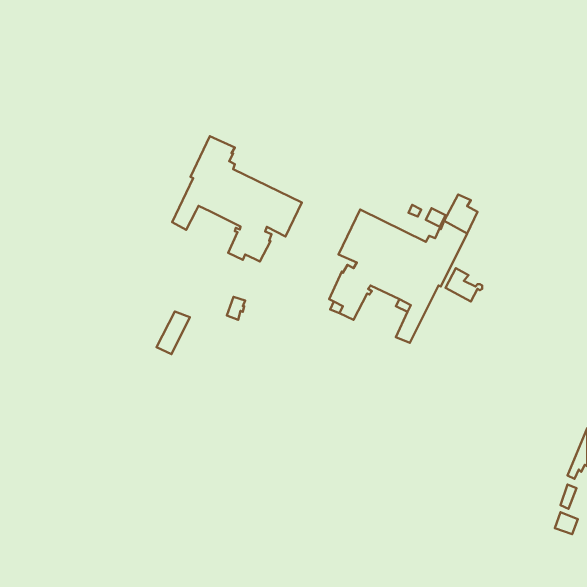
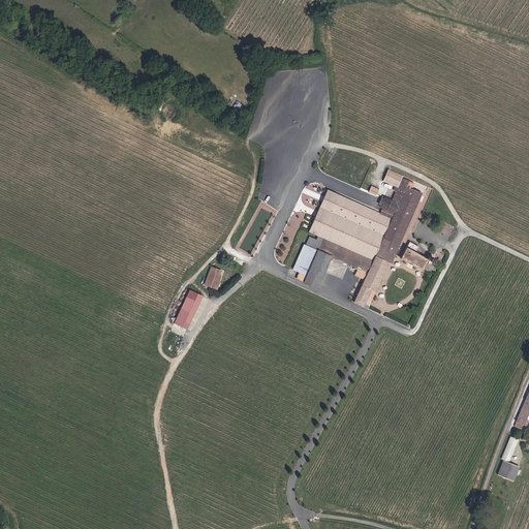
building: [172,136,302,262] -> none
building: [157,312,190,354] -> [174,290,204,329]

